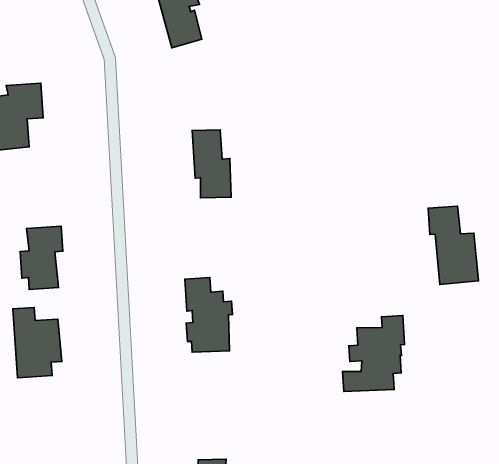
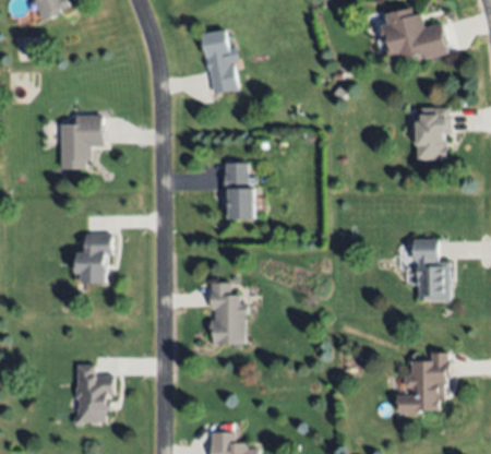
building: none -> [417,107,451,159]
building: [13,307,62,378] -> [76,365,113,421]
building: [342,315,405,391] -> [396,353,448,413]

